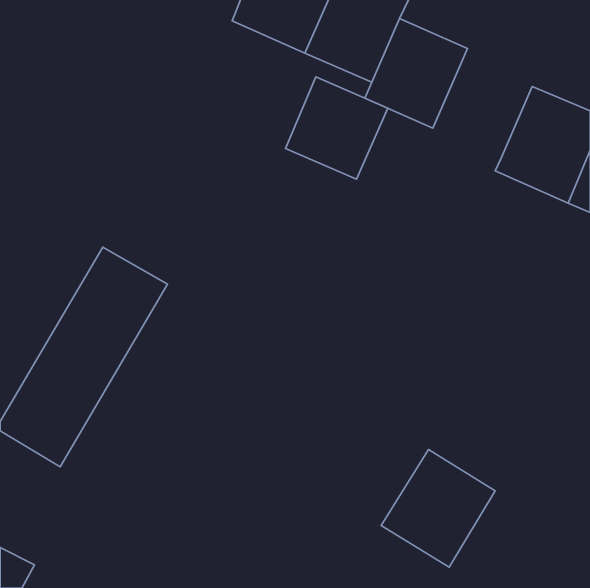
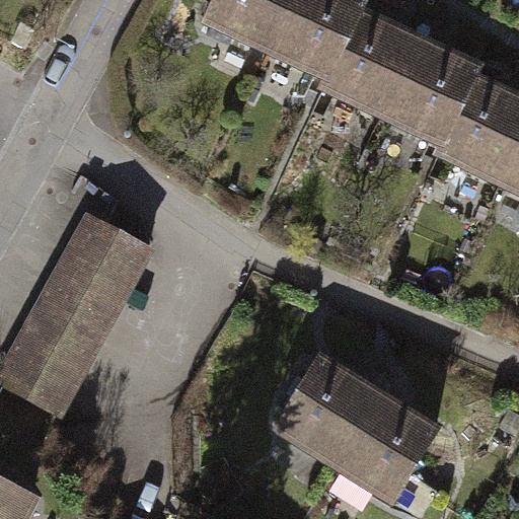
building: none -> [380,43,470,139]
building: [286,77,388,179] -> none
building: none -> [275,358,376,461]

